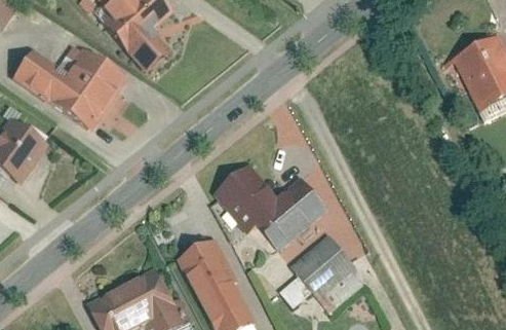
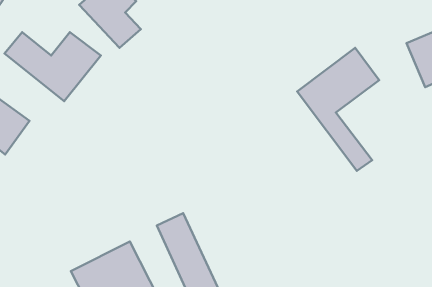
building: none -> [297,48,379,171]
building: [219,166,334,247] -> none
building: [287,234,360,305] -> none

